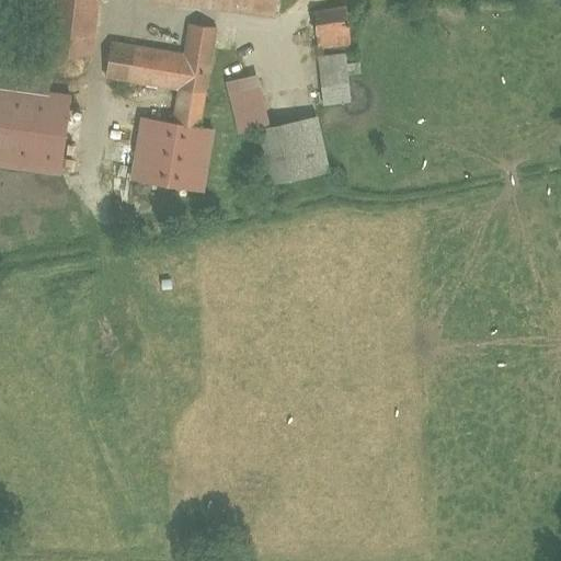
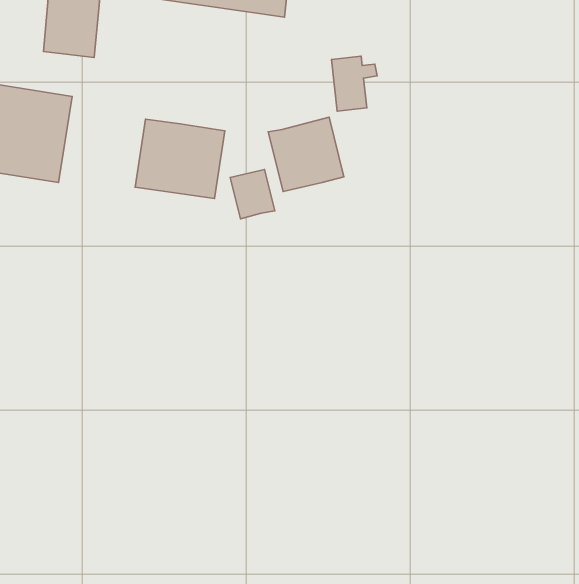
building: [311,4,351,51] -> none
building: [105,19,216,123] -> none
building: [227,84,270,131] -> [230,170,275,219]

